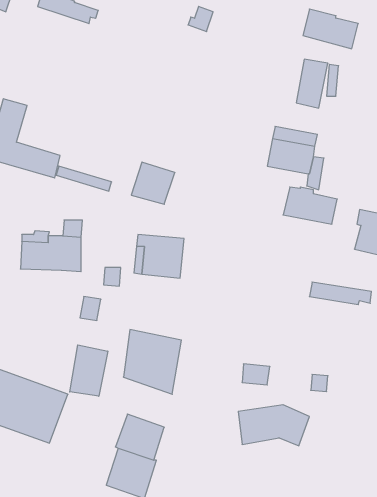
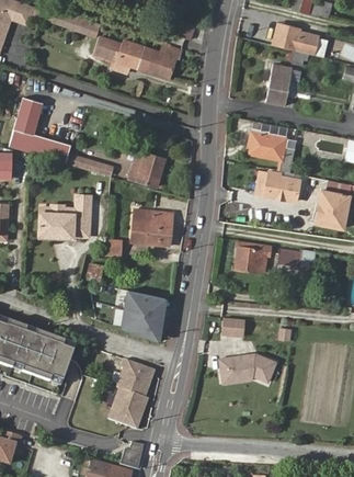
building: none -> [95,37,182,78]
building: none -> [235,242,270,274]
building: [70,345,108,396] -> none

